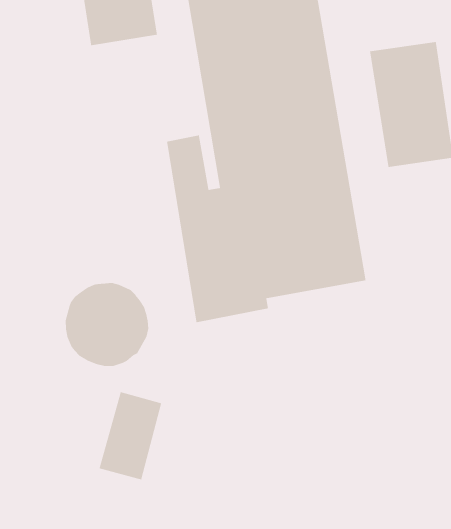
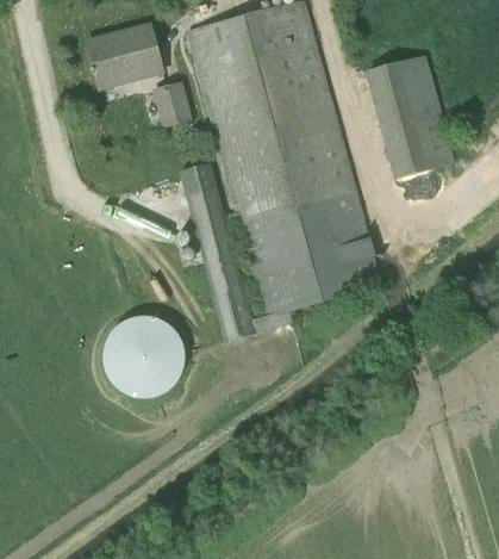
building: none -> [152,81,193,128]
building: [99,391,162,481] -> none

